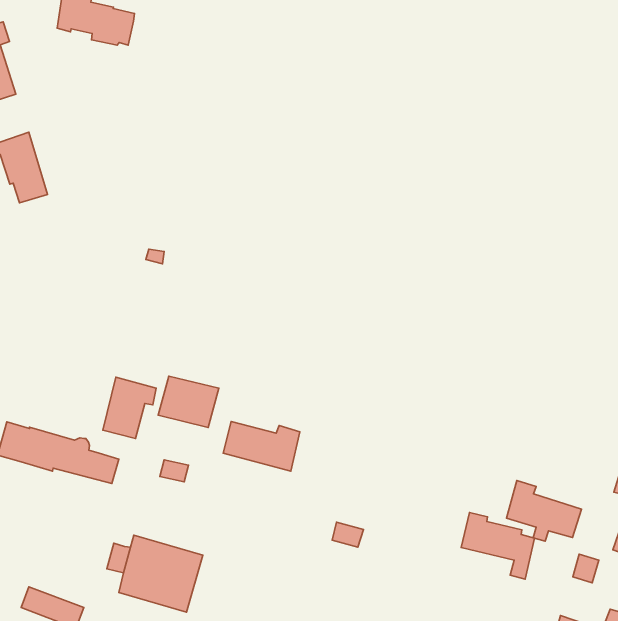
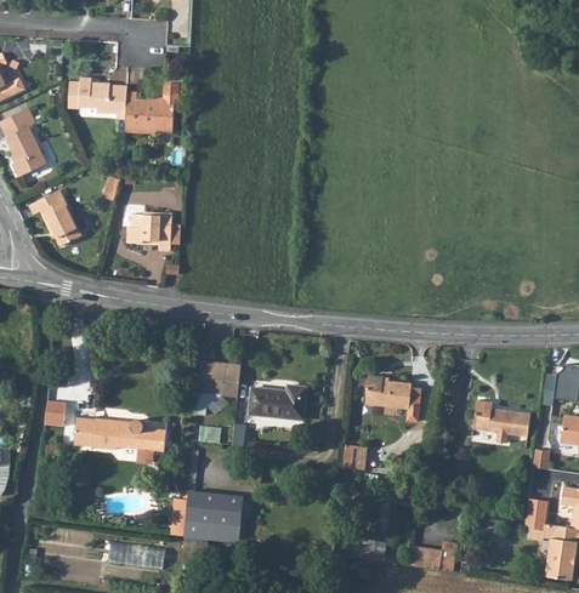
building: none -> [124,80,178,132]
building: none -> [126,212,171,252]
building: [103,377,156,438] -> none
building: [461,513,535,579] -> [364,377,420,422]

